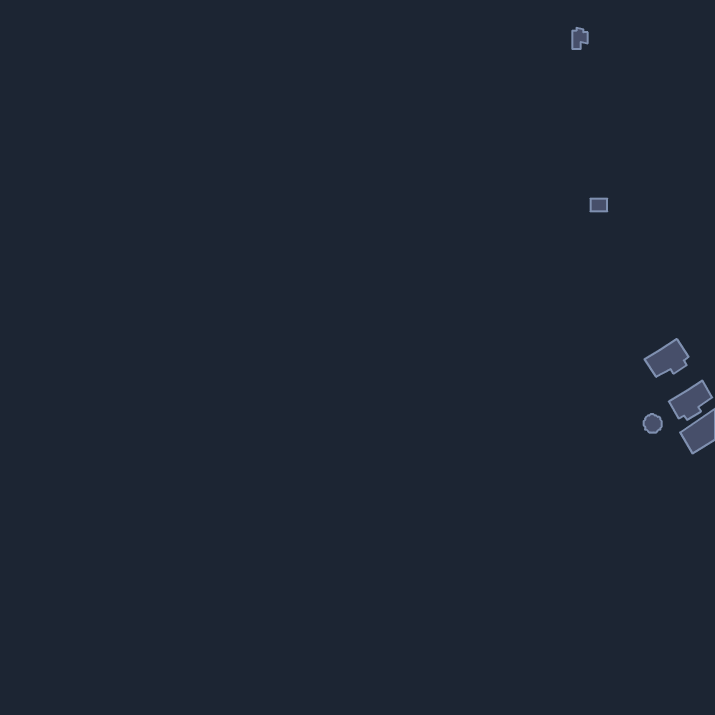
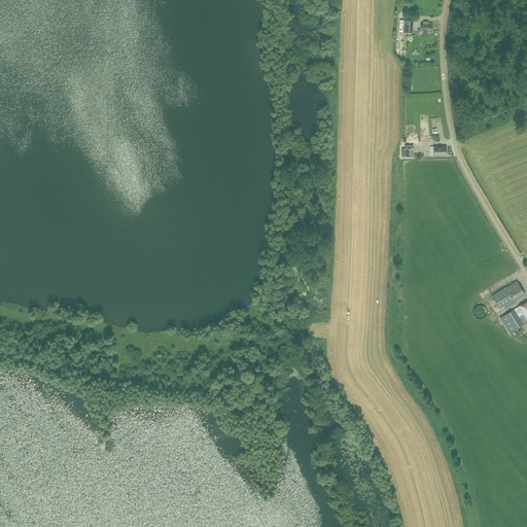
building: [645,339,689,377] -> none

